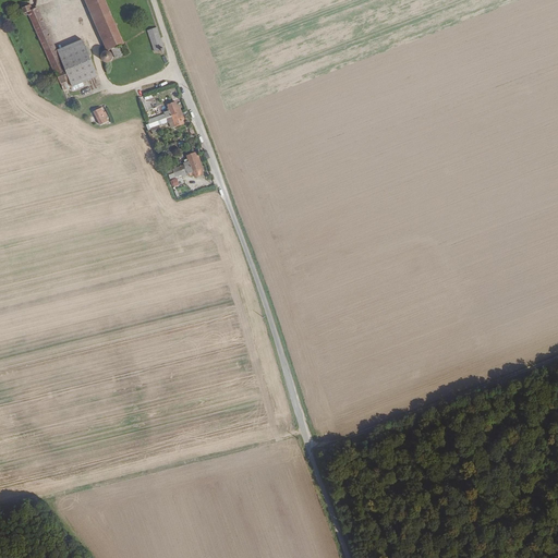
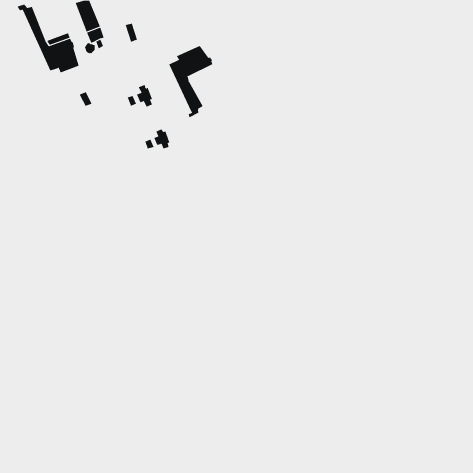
building: none -> [168,45,213,118]

